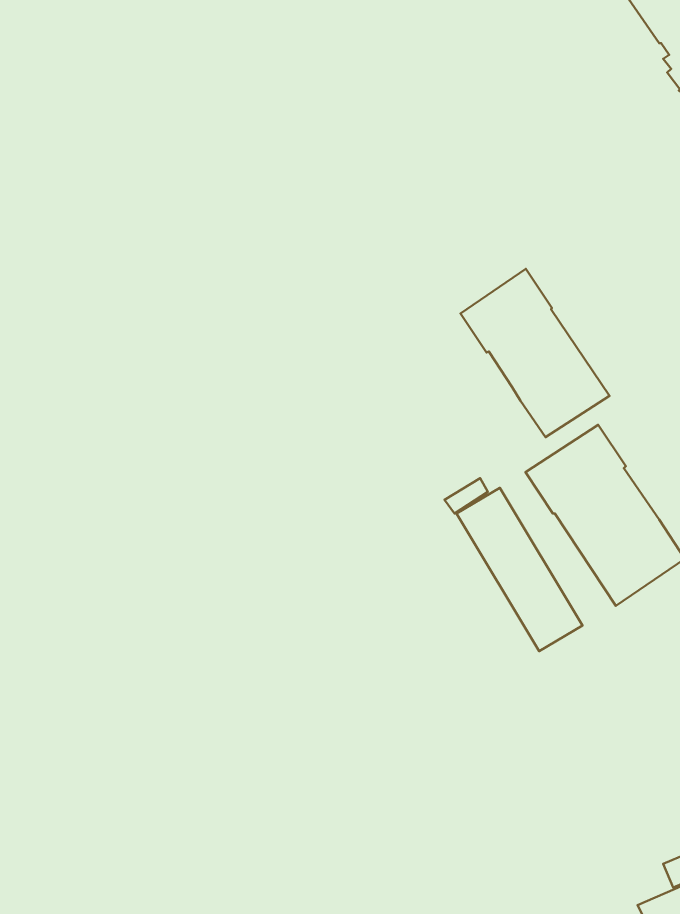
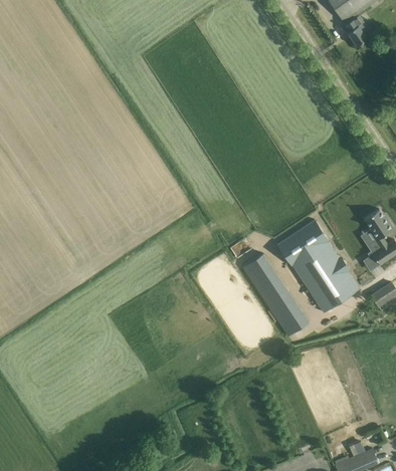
building: [461,269,609,437] -> none

